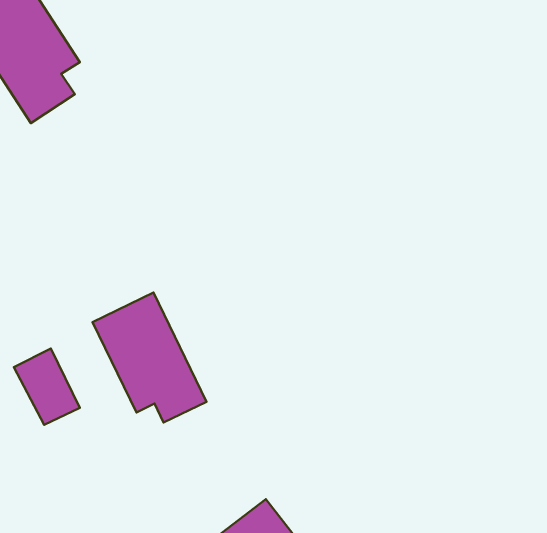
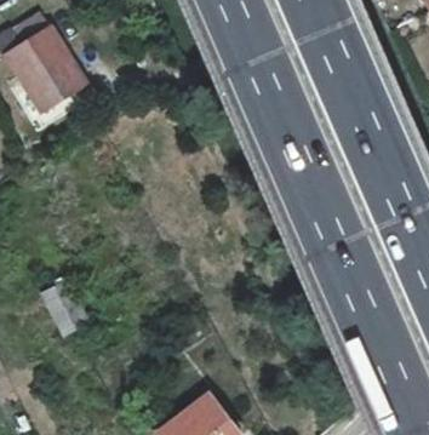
building: [92,292,206,423] -> none

